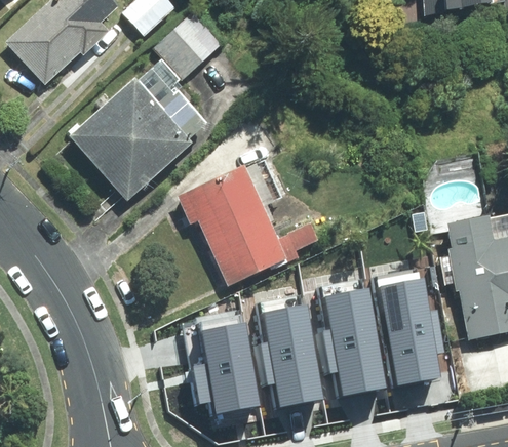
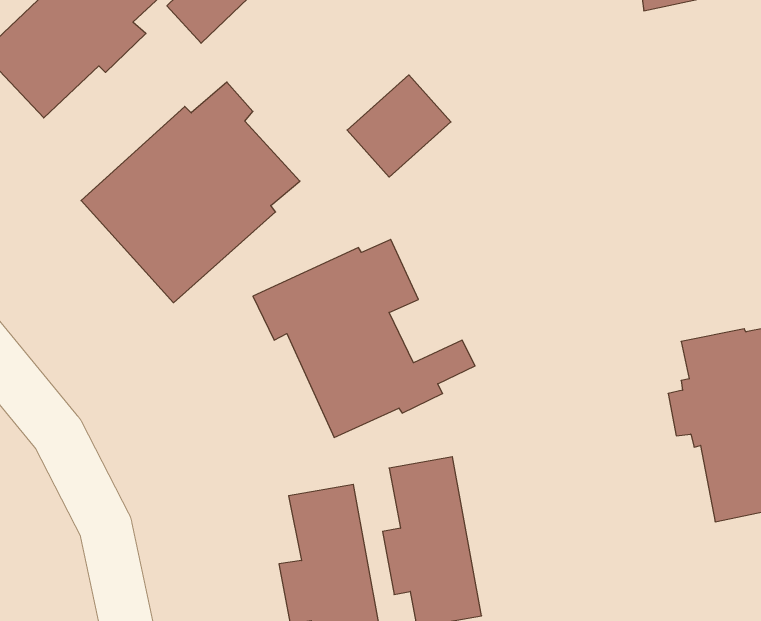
building: [156,13,222,78] -> [347,75,451,177]
building: [381,271,445,384] -> none
building: [321,280,384,395] -> none

